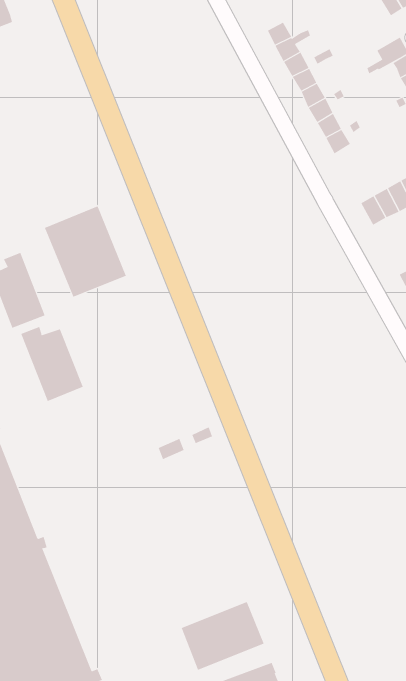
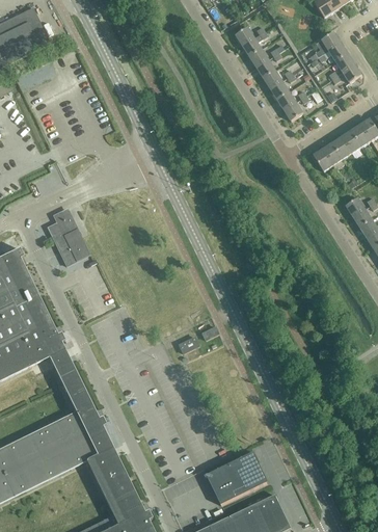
building: [44,205,127,298] -> none
building: [21,326,83,402] -> none

